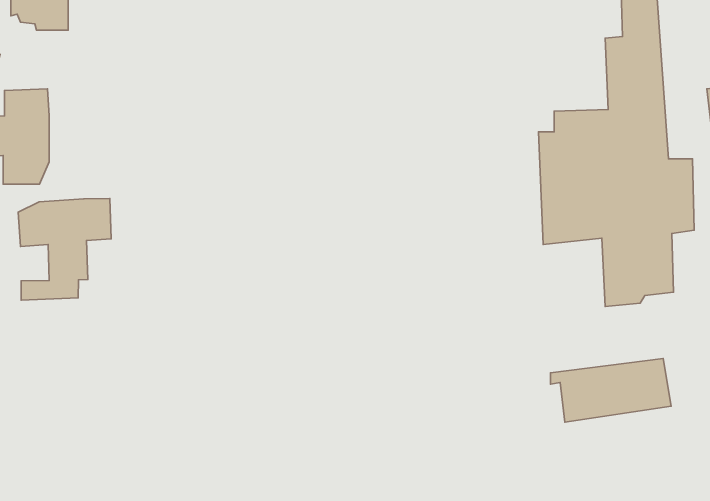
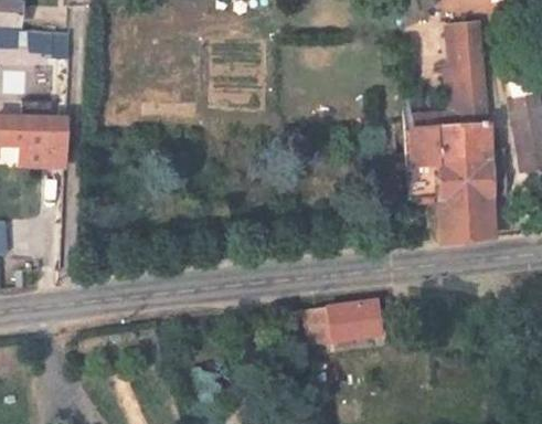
building: [18,199,111,300] -> none
building: [550,359,671,422] -> [296,300,380,344]

